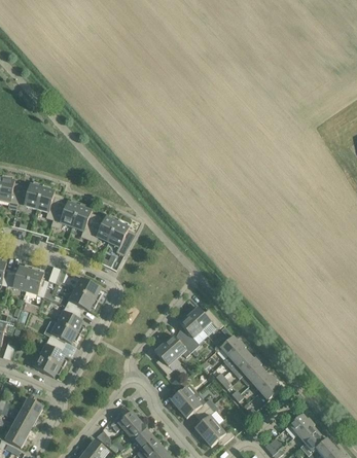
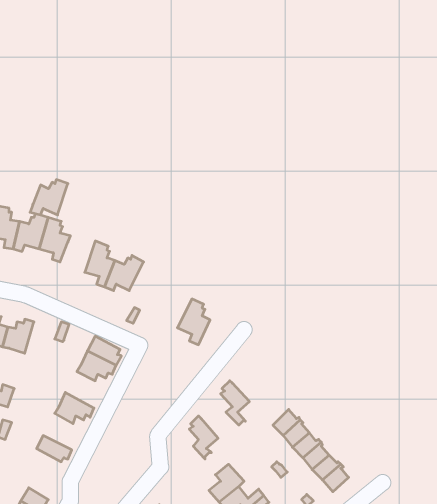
building: [50,200,80,227] -> [30,180,68,215]
building: [107,219,133,255] -> [177,299,210,345]
building: [25,267,48,296] -> none
building: [57,306,83,334] -> none
building: [186,307,223,336] -> none
building: [162,334,193,358] -> none
building: [39,339,66,367] -> none

